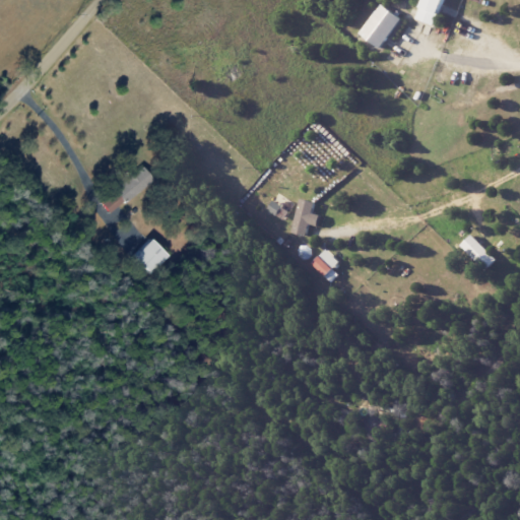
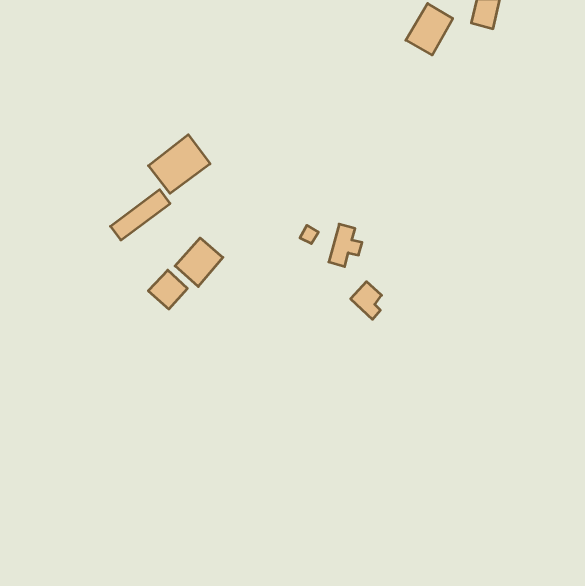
building: none -> [148,135,210,193]
building: none -> [175,238,223,287]
building: [460,235,496,270] -> none

